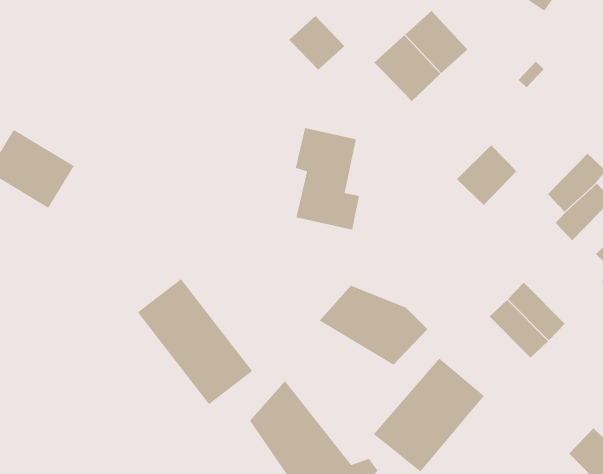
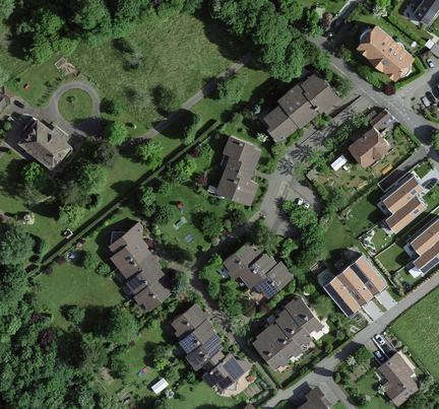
building: [289,15,345,71] -> [262,106,299,142]
building: [456,145,517,206] -> [347,126,387,165]
building: none -> [321,274,359,315]

